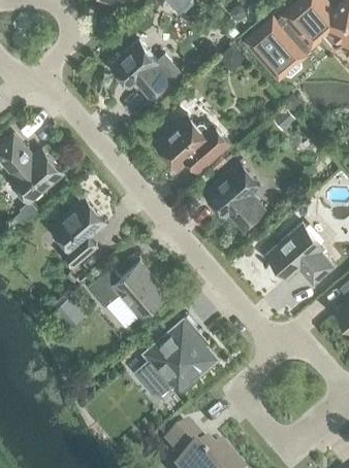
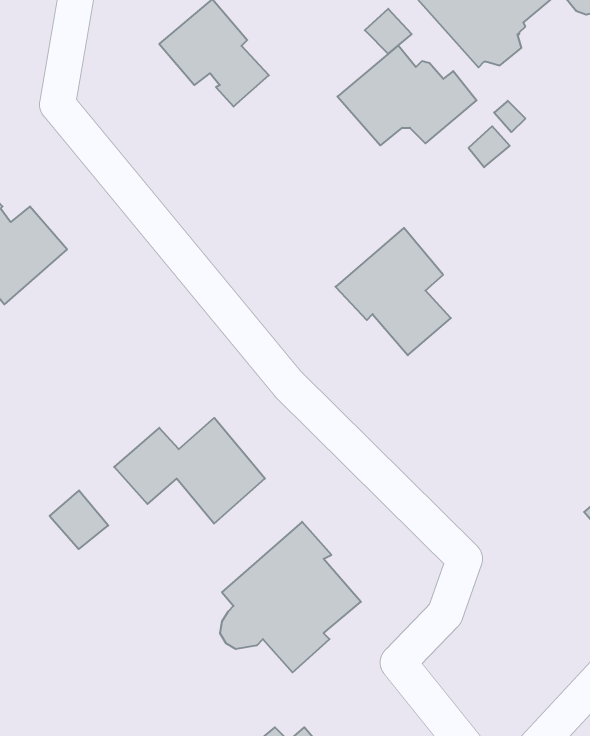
building: [154,114,227,167] -> [337,46,477,145]
building: [50,198,104,267] -> none
building: [267,223,331,282] -> none

